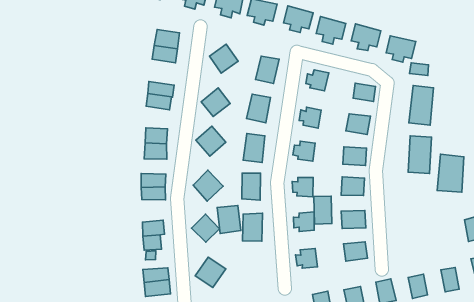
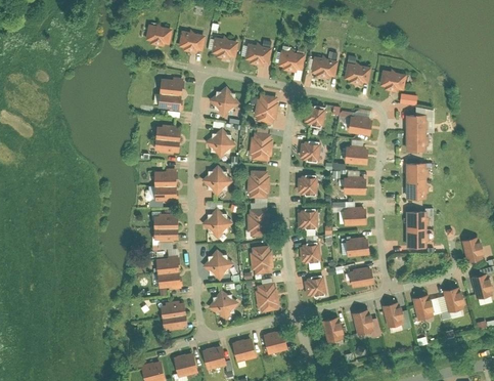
building: [437,154,464,192] -> [405,211,429,246]
building: [314,196,332,224] -> none
building: [217,206,241,234] -> [257,284,280,311]

